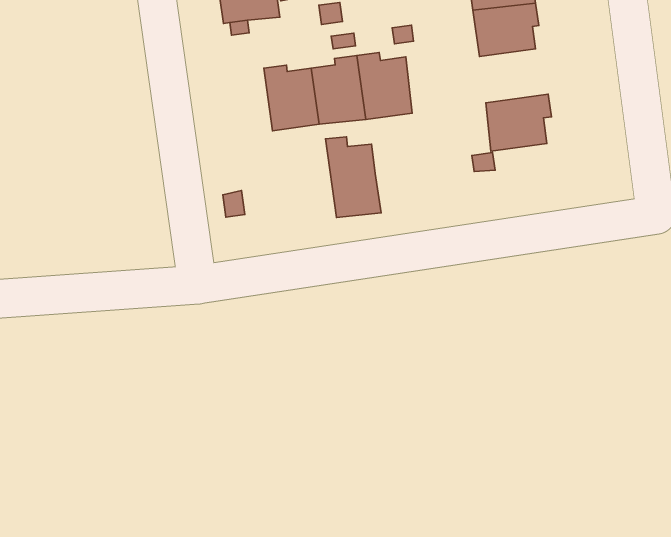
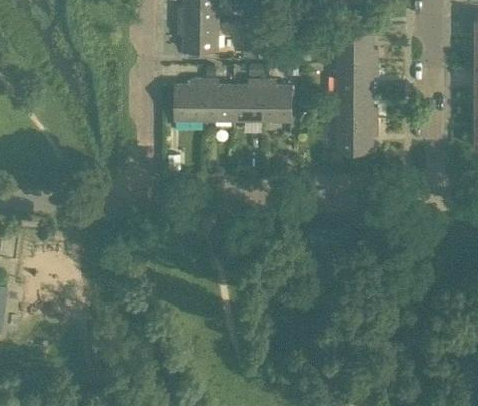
building: none -> [337,91,377,121]
building: none -> [174,80,204,120]
building: [325,137,381,217] -> none

